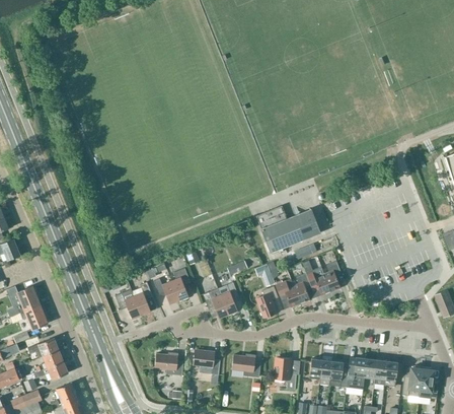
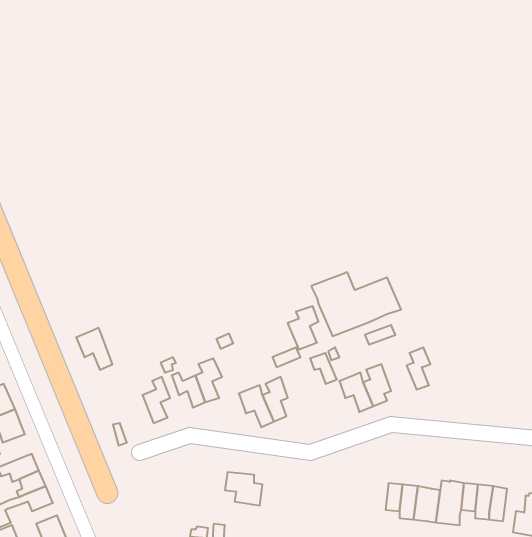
building: [306,267,331,295] -> none
building: [255,286,278,318] -> [288,306,318,350]
building: [115,289,141,320] -> [76,328,112,370]
building: [154,352,183,375] -> none
building: [231,354,260,377] -> none
building: [275,358,297,390] -> none

